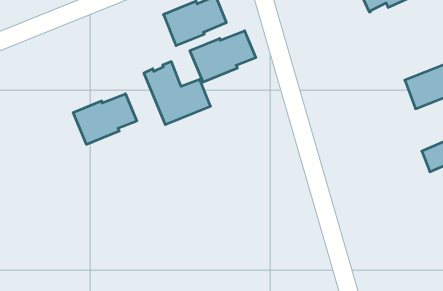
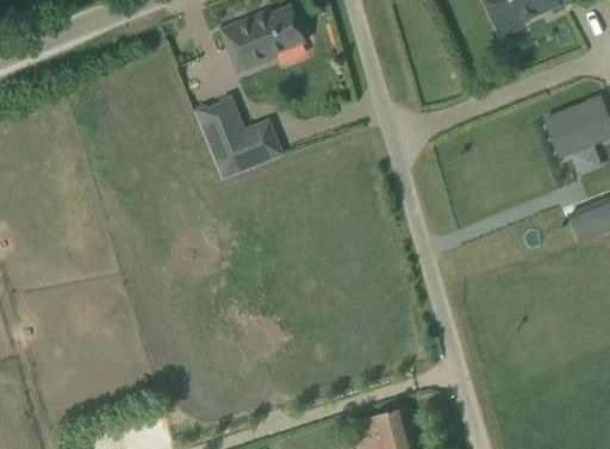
building: [190,31,256,82] -> none
building: [73,94,137,144] -> none

